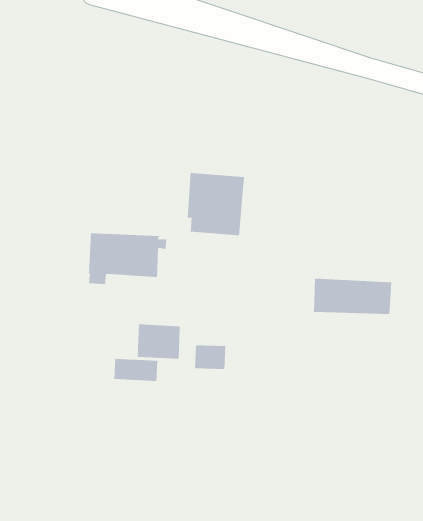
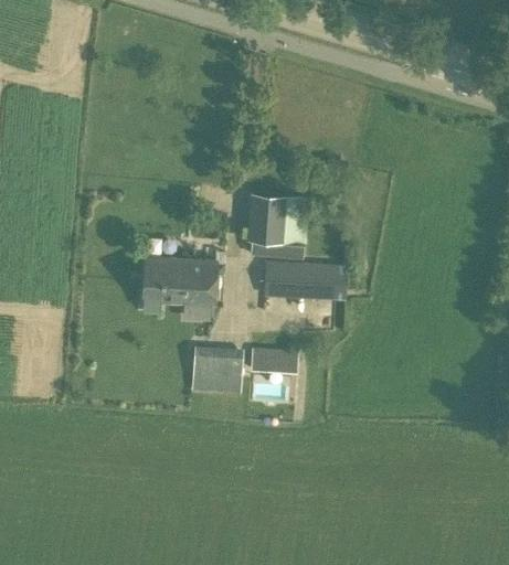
building: [313,278,392,314] -> [263,260,347,299]
building: [114,359,158,381] -> [251,349,298,373]

